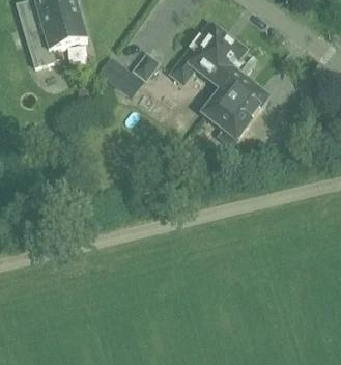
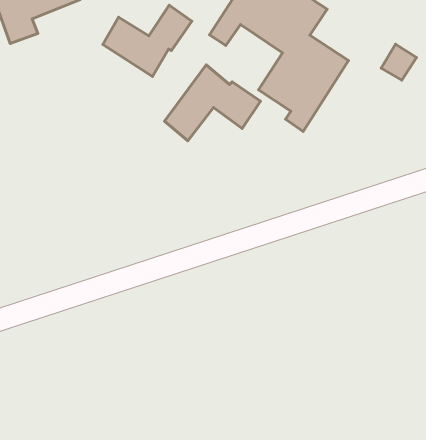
building: none -> [165,65,260,141]

